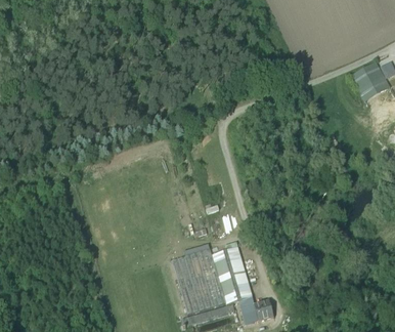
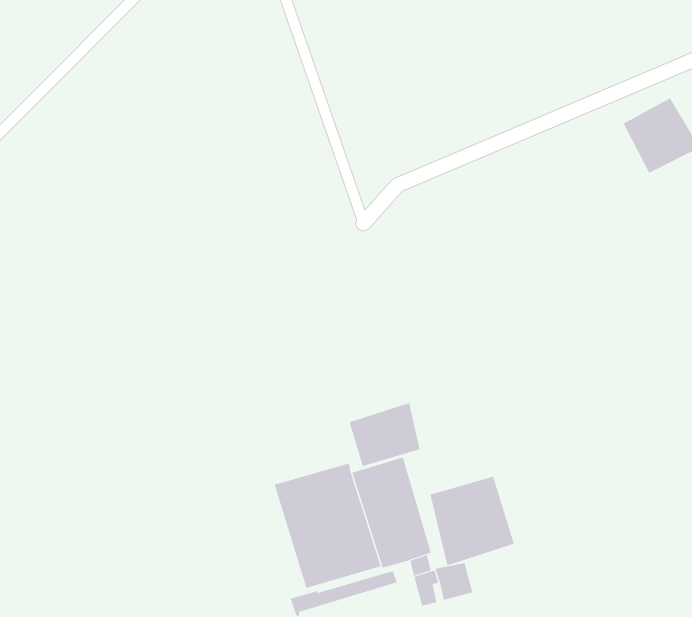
building: none -> [349,402,420,467]
building: none -> [430,476,514,566]

